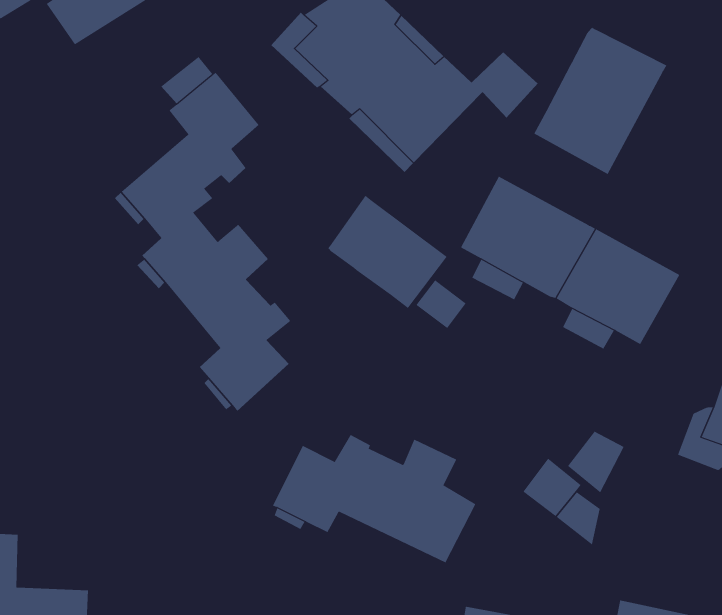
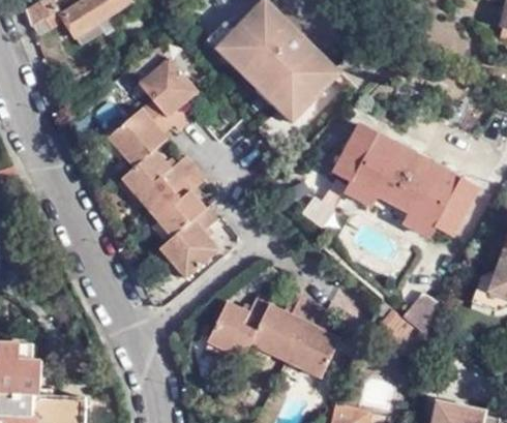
building: [533,27,667,175] -> none
building: [328,195,448,309] -> none

